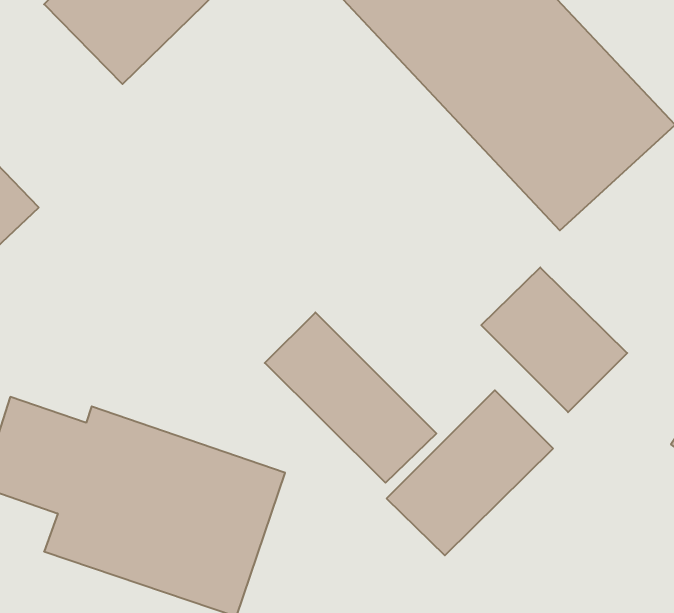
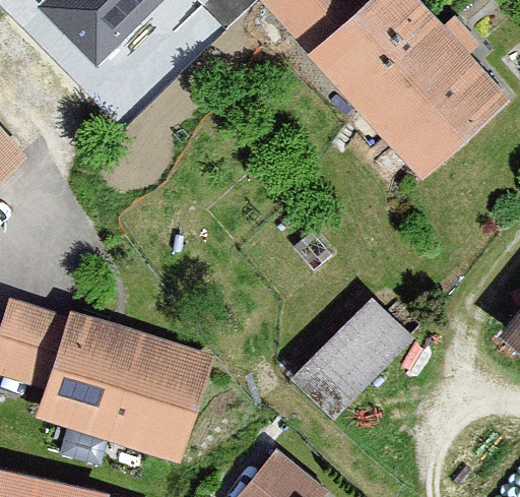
building: [481,267,627,412] -> none
building: [265,312,436,483] -> none

